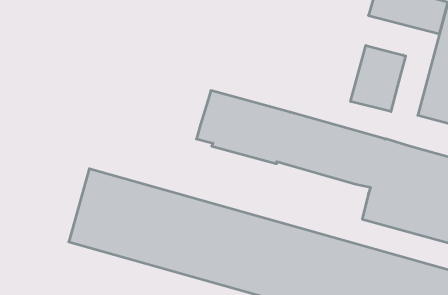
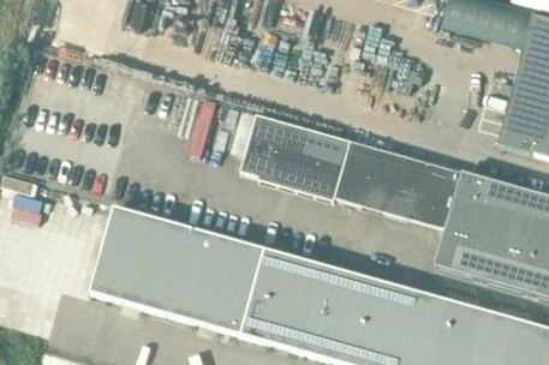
building: [351,45,406,112] -> none

